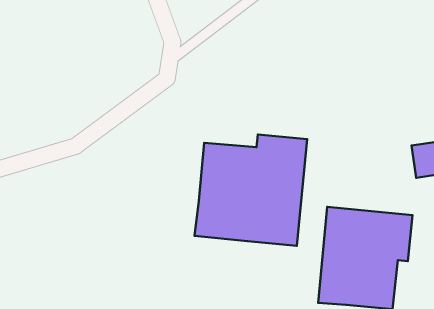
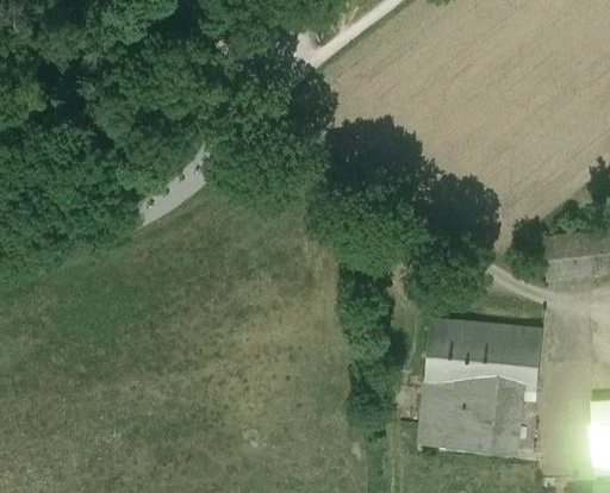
building: [195,135,307,246] -> none

